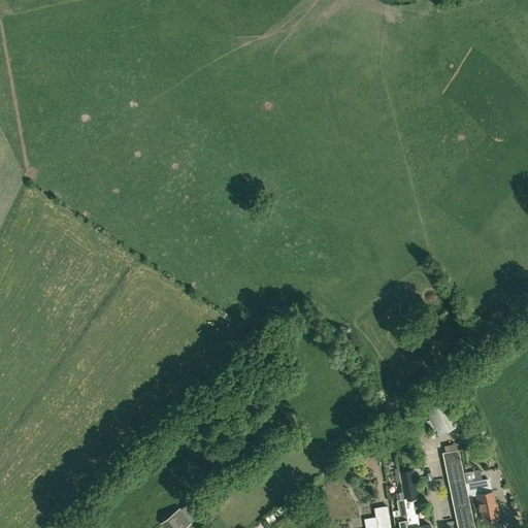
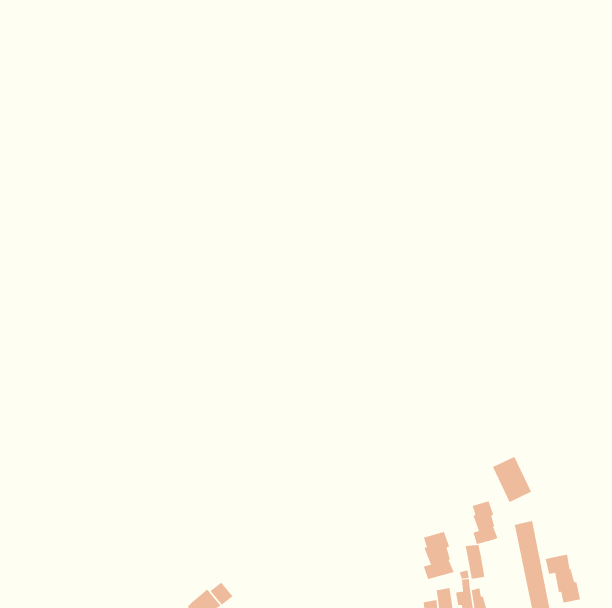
building: none -> [472,501,498,545]
building: none -> [423,531,454,580]

